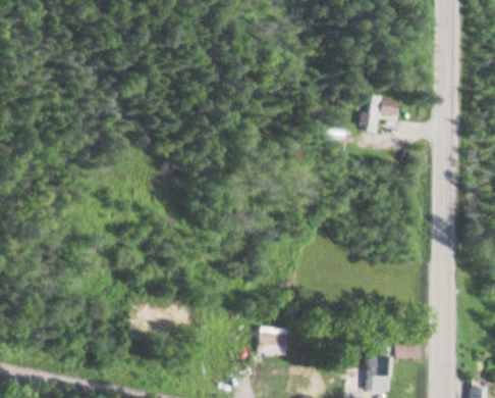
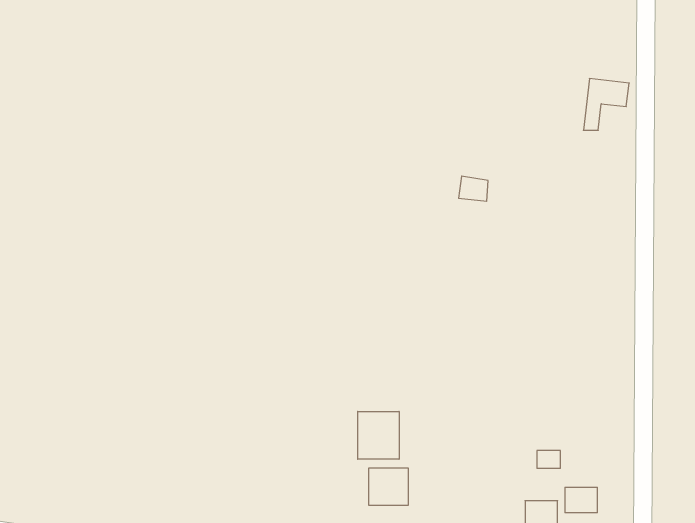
building: [365,97,396,133] -> [583,79,629,130]
building: none -> [358,411,399,459]

